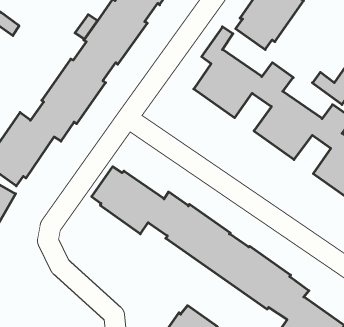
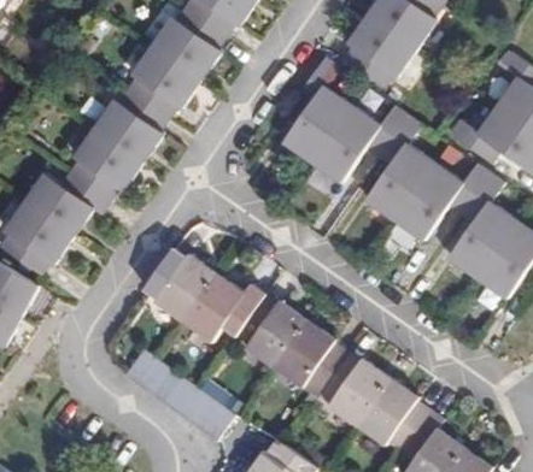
building: none -> [124,347,235,439]

